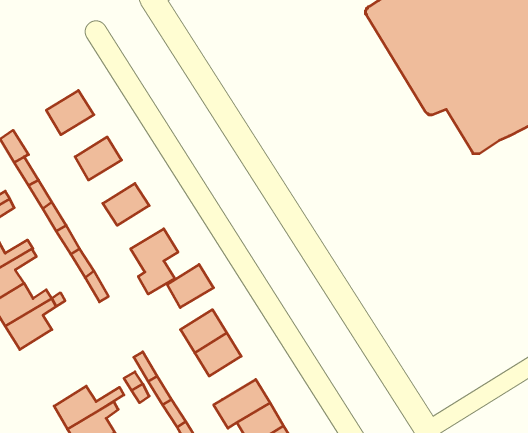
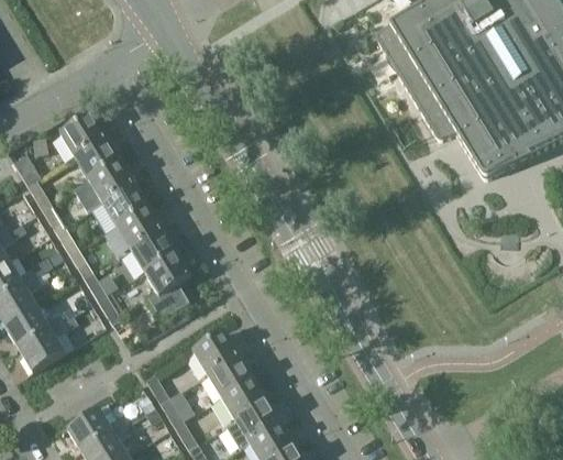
building: none -> [74,138,120,179]
building: none -> [101,183,147,226]
building: [167,264,214,308] -> [130,228,176,271]
building: none -> [221,377,267,420]

